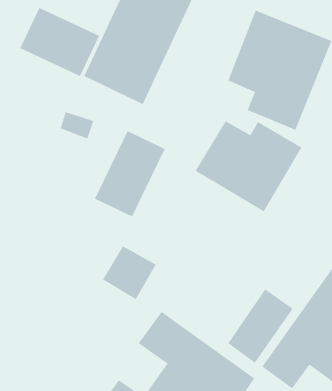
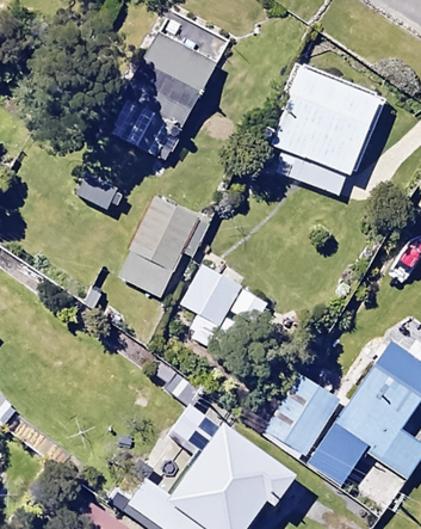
building: [20,7,100,77] -> none
building: [195,121,302,212] -> none
building: [102,245,157,300] -> [180,264,241,325]

